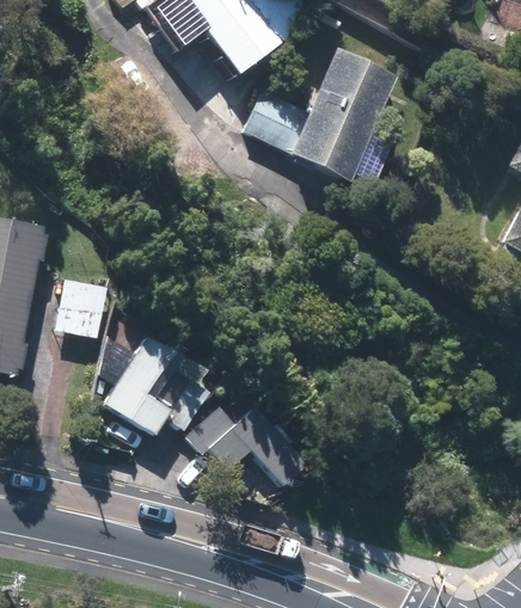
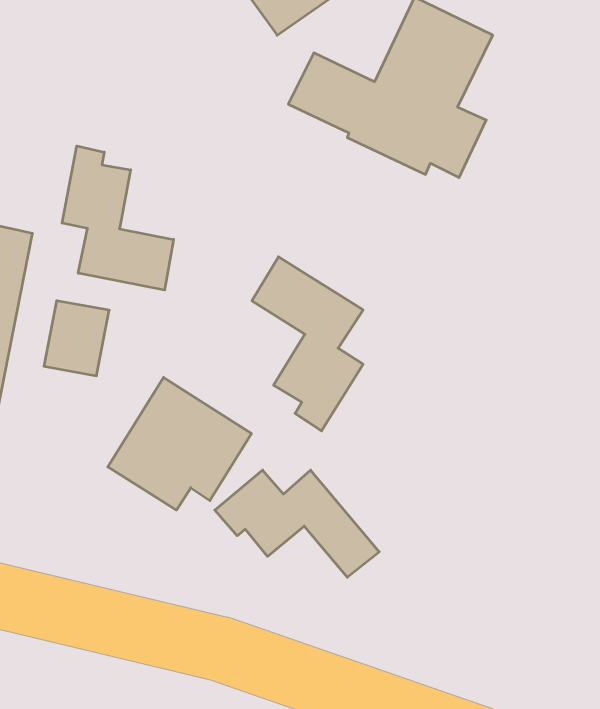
building: none -> [62,146,174,290]
building: none -> [252,257,363,431]

